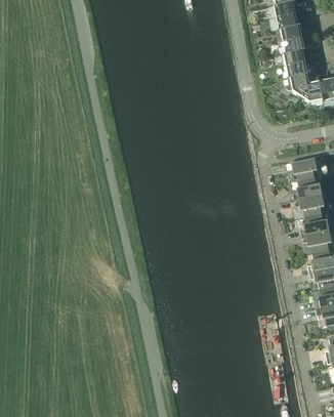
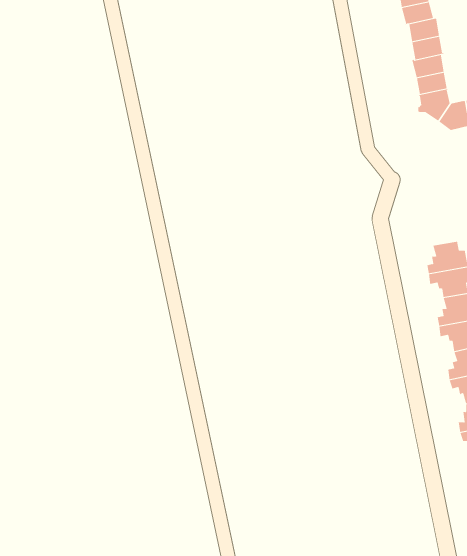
building: [288,157,318,179] -> none

